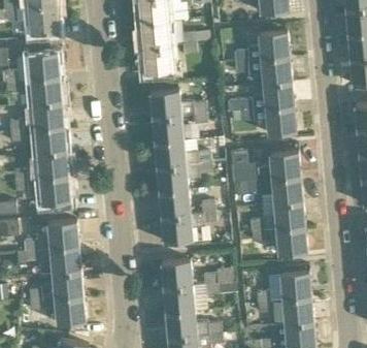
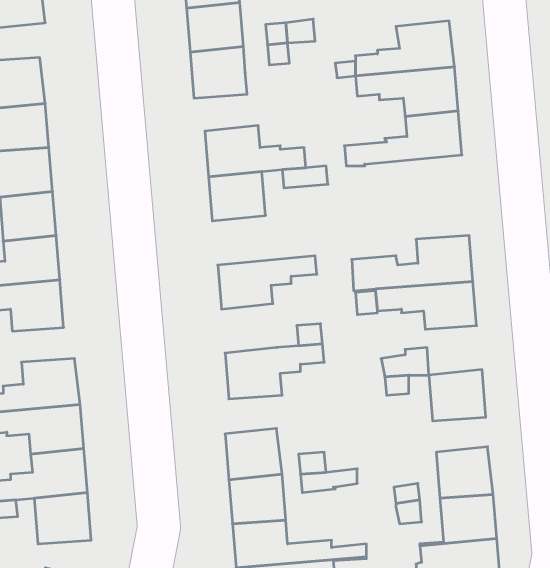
building: [239,105,296,134] -> none
building: [154,139,225,167] -> none
building: [159,189,191,217] -> none
building: [273,201,305,229] -> none

